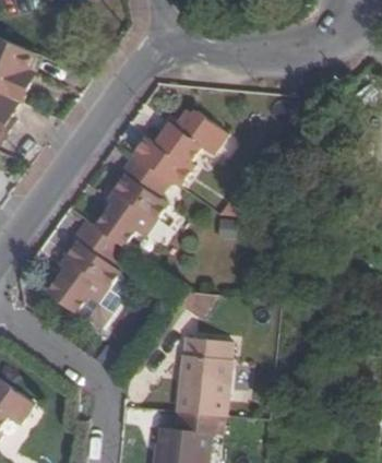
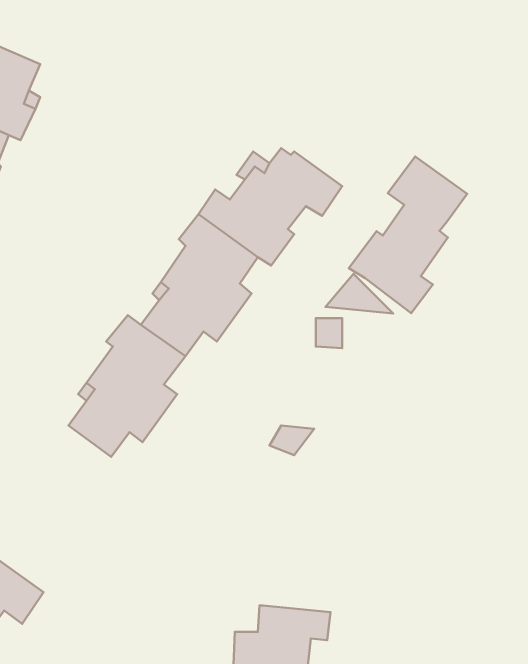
building: none -> [349,156,467,313]
building: [178,337,231,416] -> none

